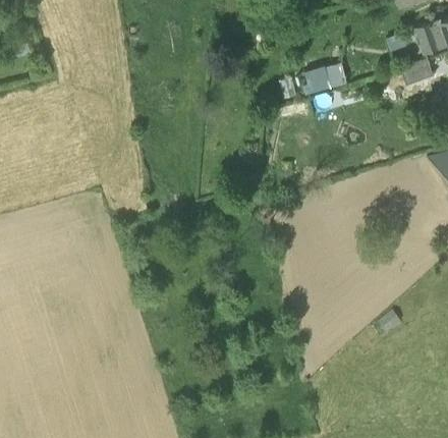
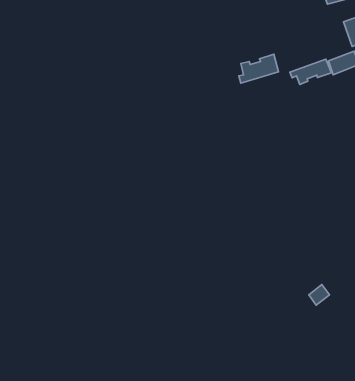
building: none -> [290,59,331,85]

